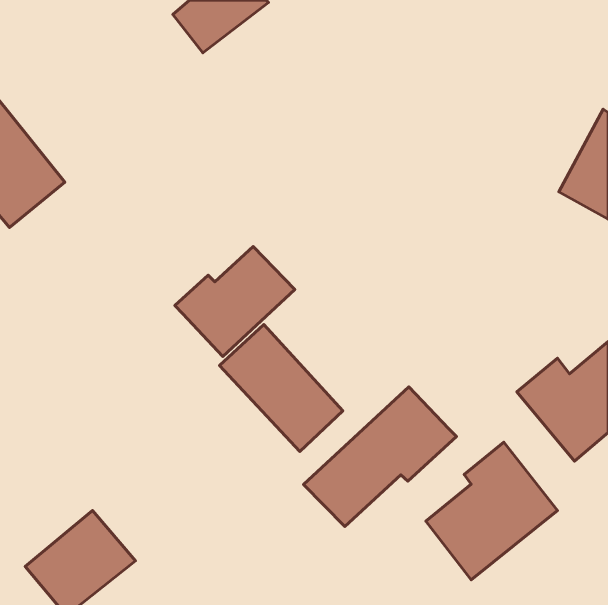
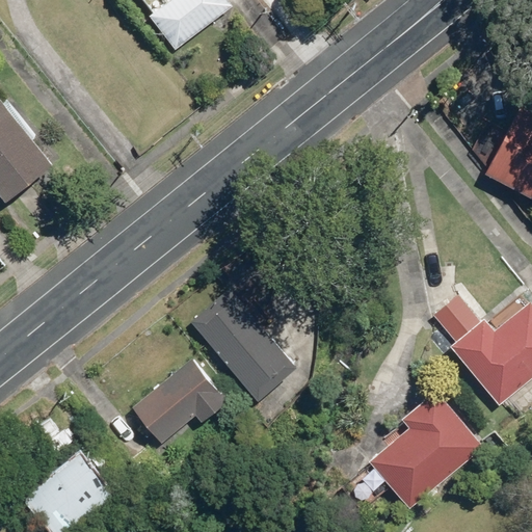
building: [175,247,295,356] -> none
building: [303,387,456,526] -> none
building: none -> [131,358,229,445]

